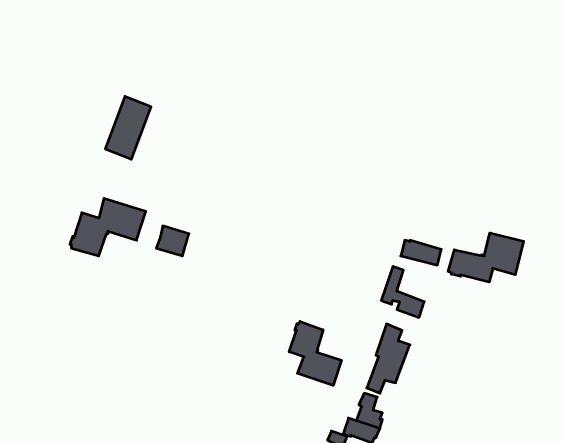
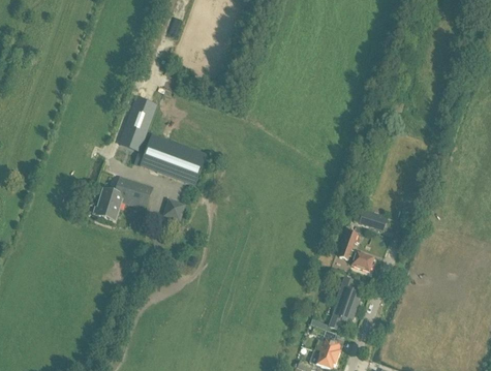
building: none -> [134,134,206,187]
building: [448,233,524,282] -> none
building: [289,321,341,385] -> none

